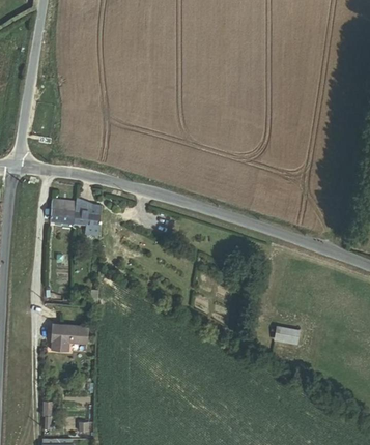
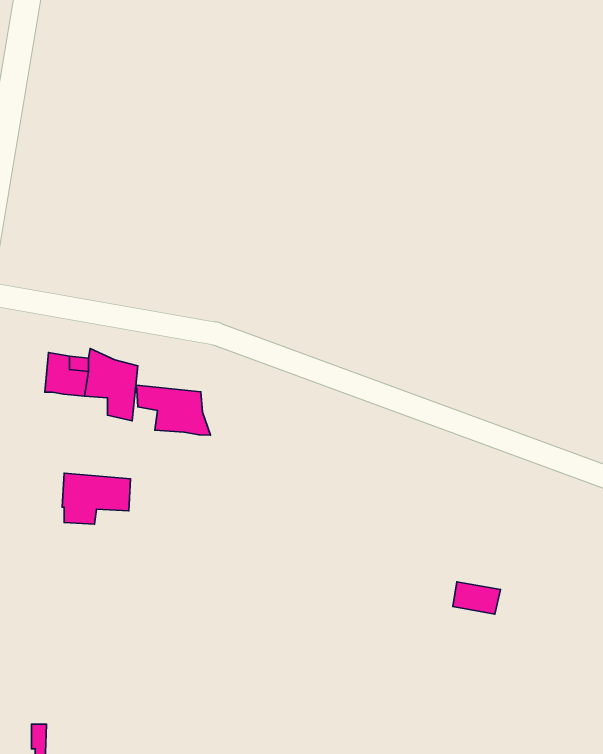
building: none -> [137,385,211,435]
building: [51,324,88,352] -> [62,473,131,524]

